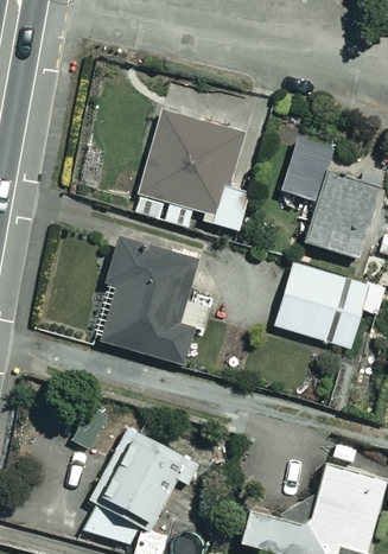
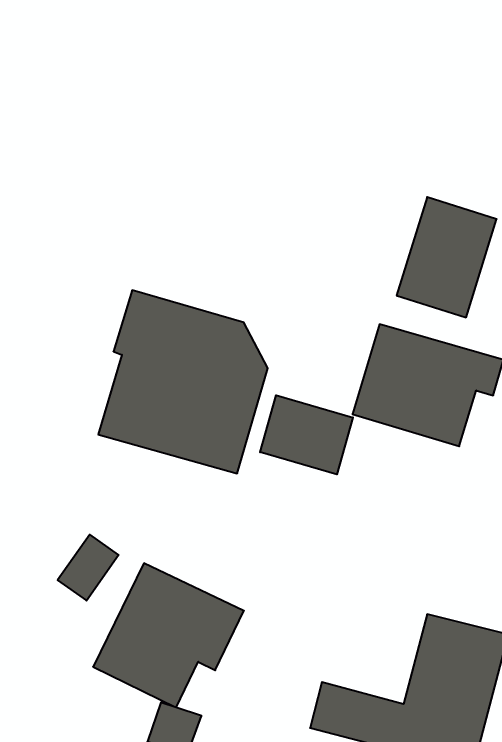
building: [135,110,250,229] -> none
building: [284,136,335,199] -> none
building: none -> [260,395,353,474]

